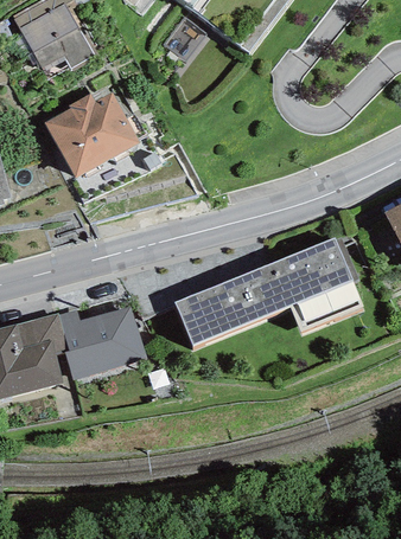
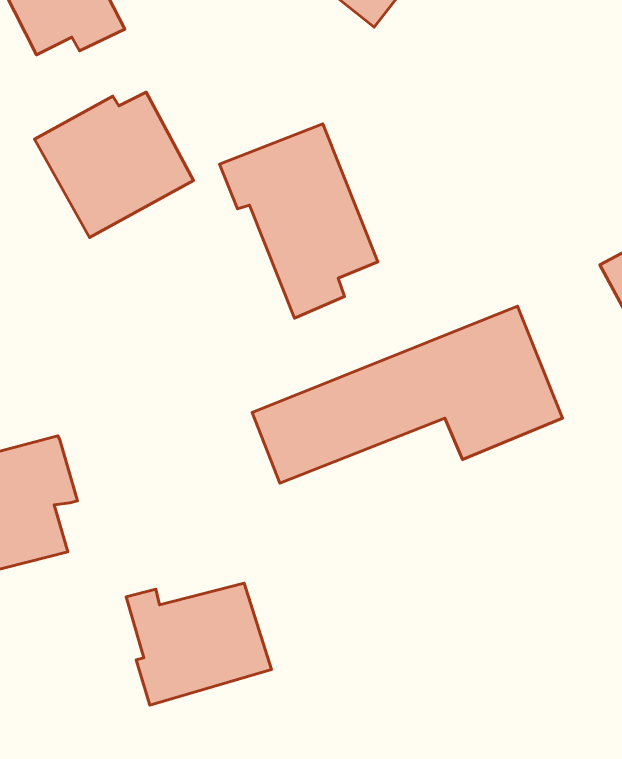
building: none -> [219,124,378,318]
building: [58,306,146,379] -> [126,583,272,705]

